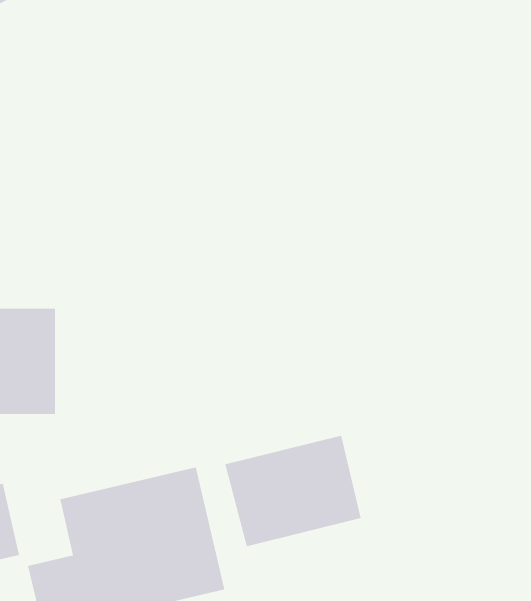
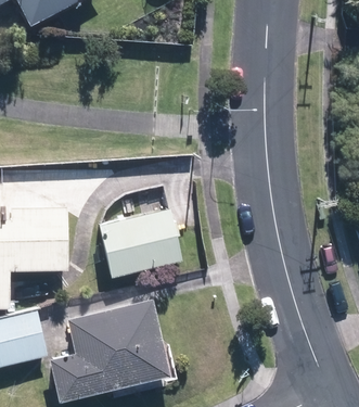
building: [225,435,362,547] -> [100,209,182,277]

